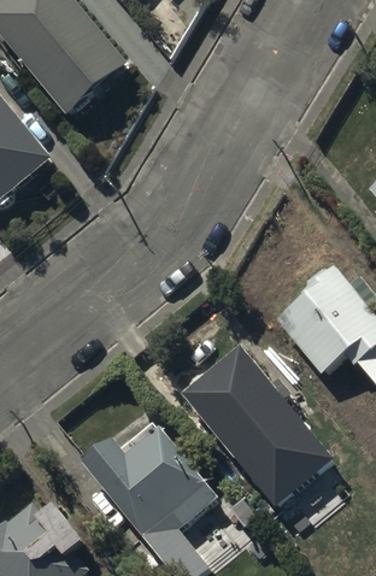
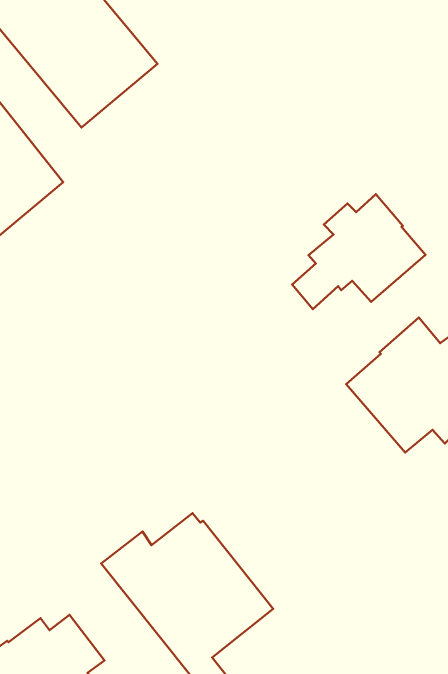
building: none -> [292,194,425,309]
building: [184,353,334,511] -> none

